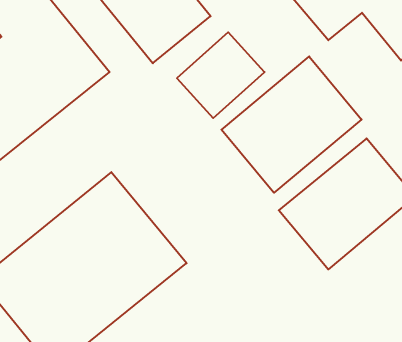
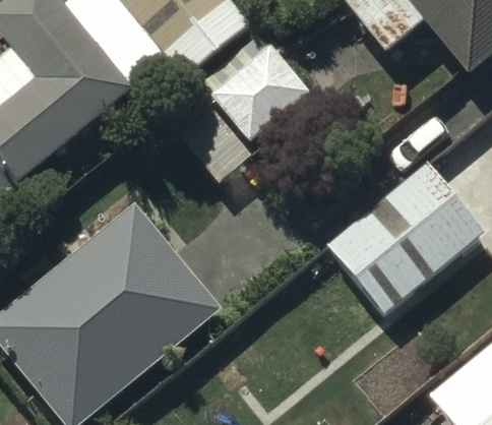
building: [221,56,362,193] -> none

